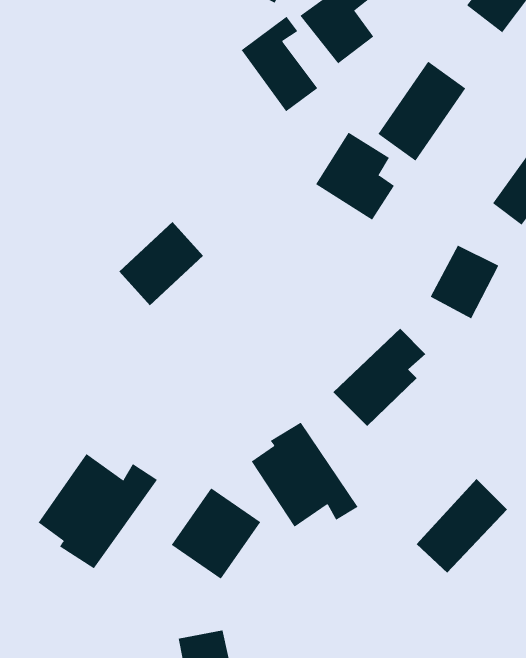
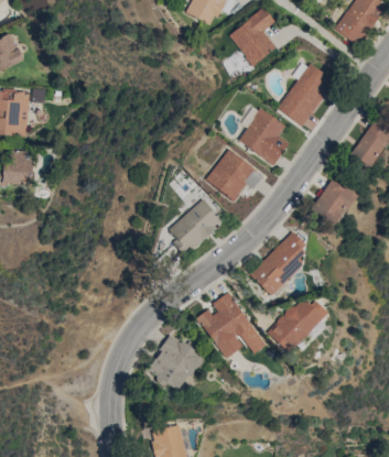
building: [241,16,318,112] -> none
building: none -> [205,149,263,202]
building: [119,221,204,306] -> [169,198,223,252]
building: [38,453,158,569] -> none
building: [416,478,508,574] -> [269,292,327,352]

